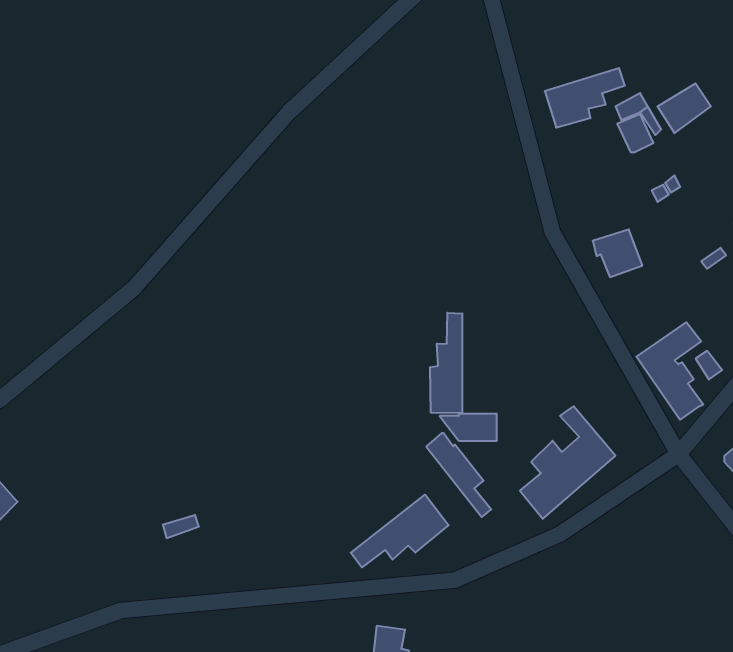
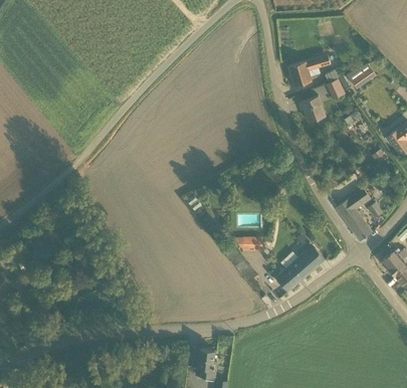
building: [593,229,642,277] -> [299,96,326,122]
building: [430,313,462,413] -> none
building: [351,495,449,567] -> none

